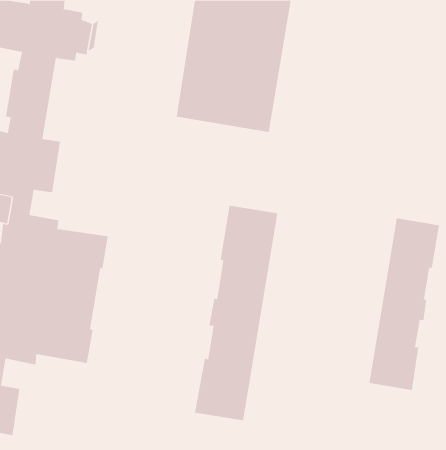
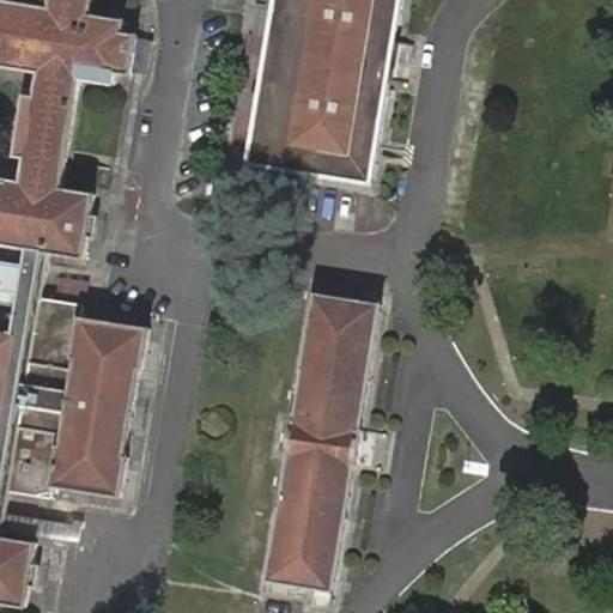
building: [369,218,440,391] -> none

